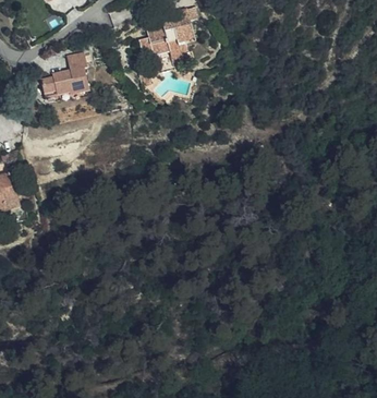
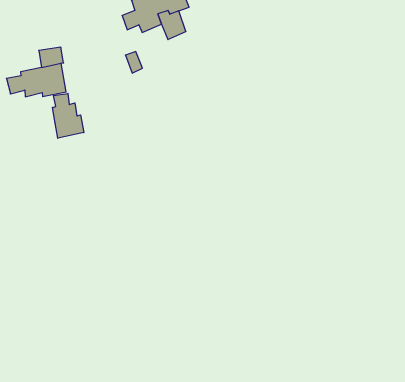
building: none -> [52,93,84,138]

